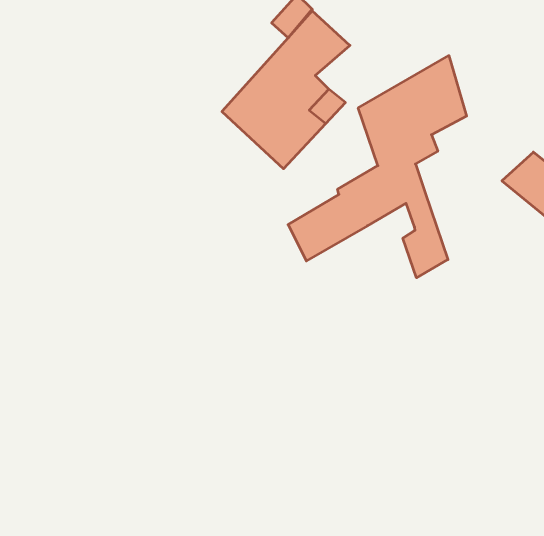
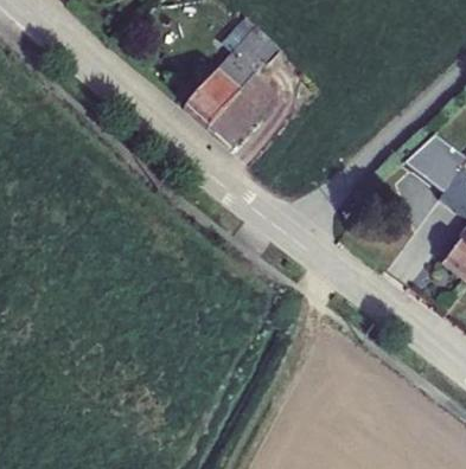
building: [288,56,467,278] -> none

